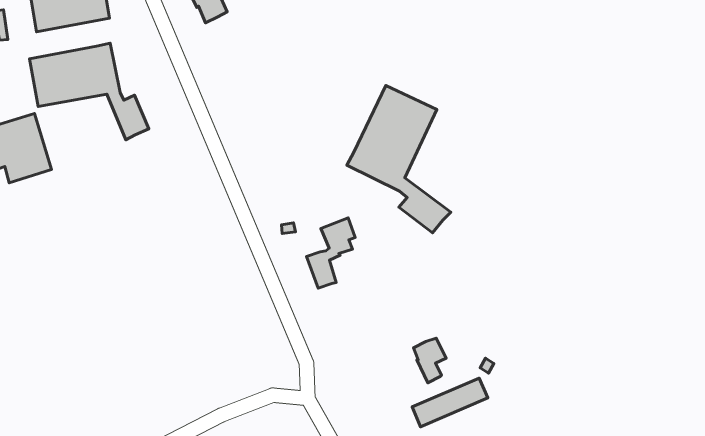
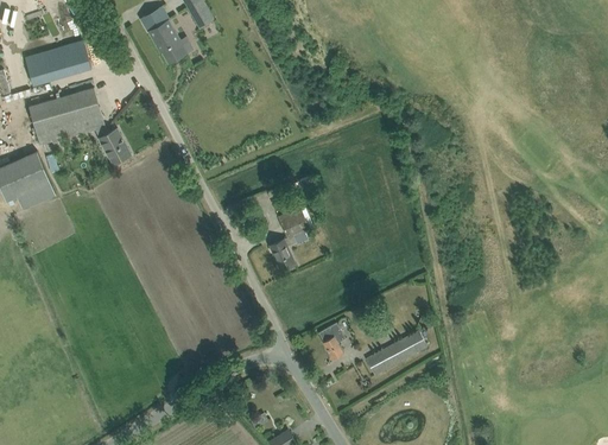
building: [347,86,451,233] -> none
building: [413,338,446,383] -> [318,322,346,358]

